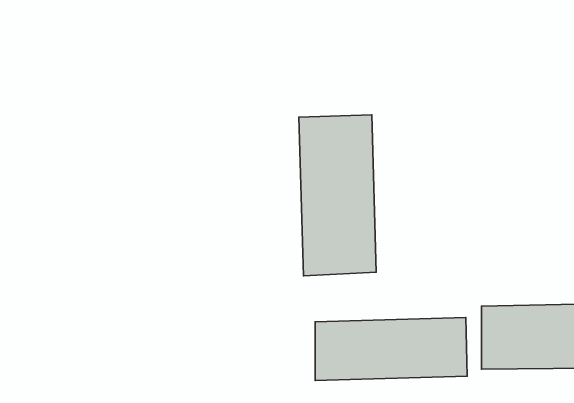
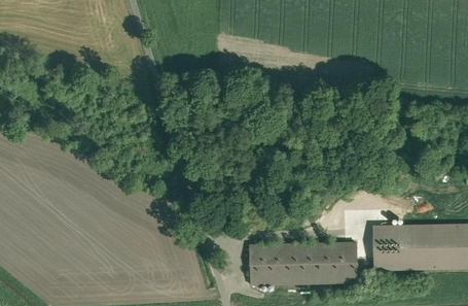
building: [299,115,376,276] -> none

